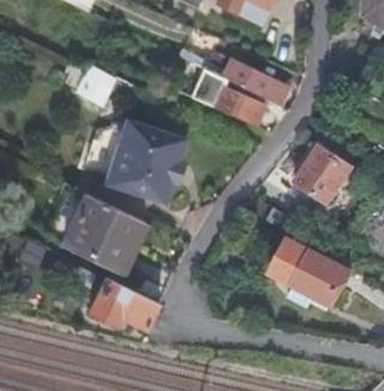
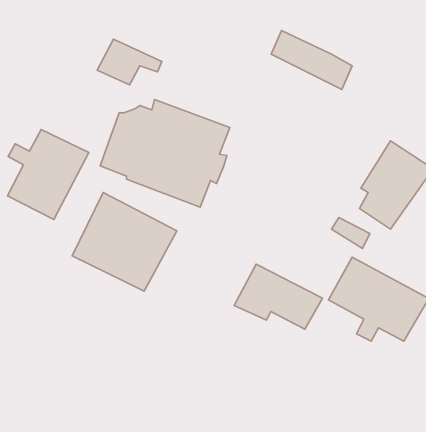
building: [181,64,260,124] -> none
building: none -> [7,129,89,219]
building: [90,275,161,327] -> [234,264,323,329]

